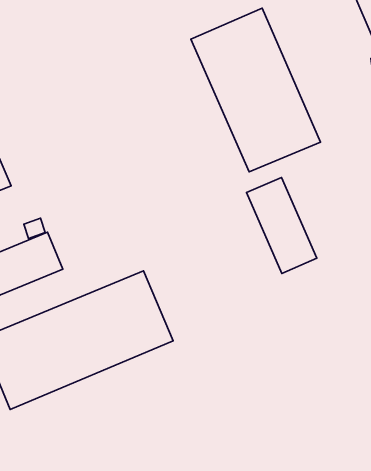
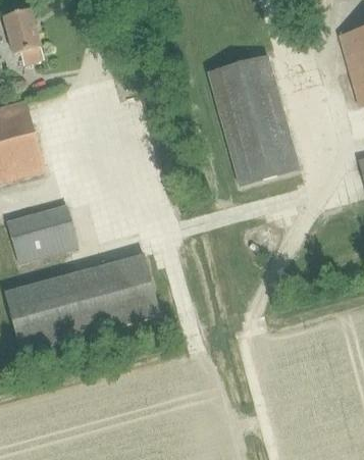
building: [246,177,317,273] -> none

